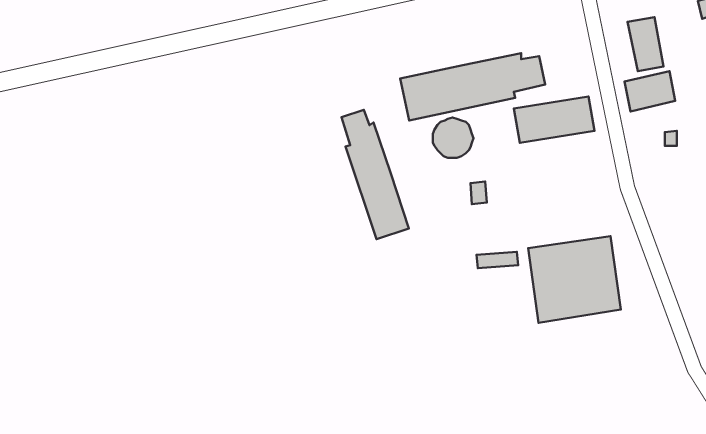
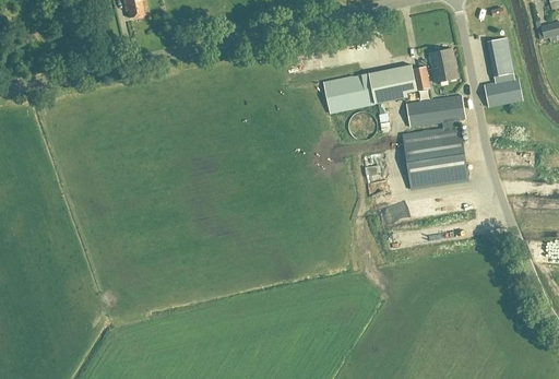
building: none -> [429,47,457,81]
building: [342,110,409,239] -> none
building: [528,236,621,323] -> [401,128,468,191]

